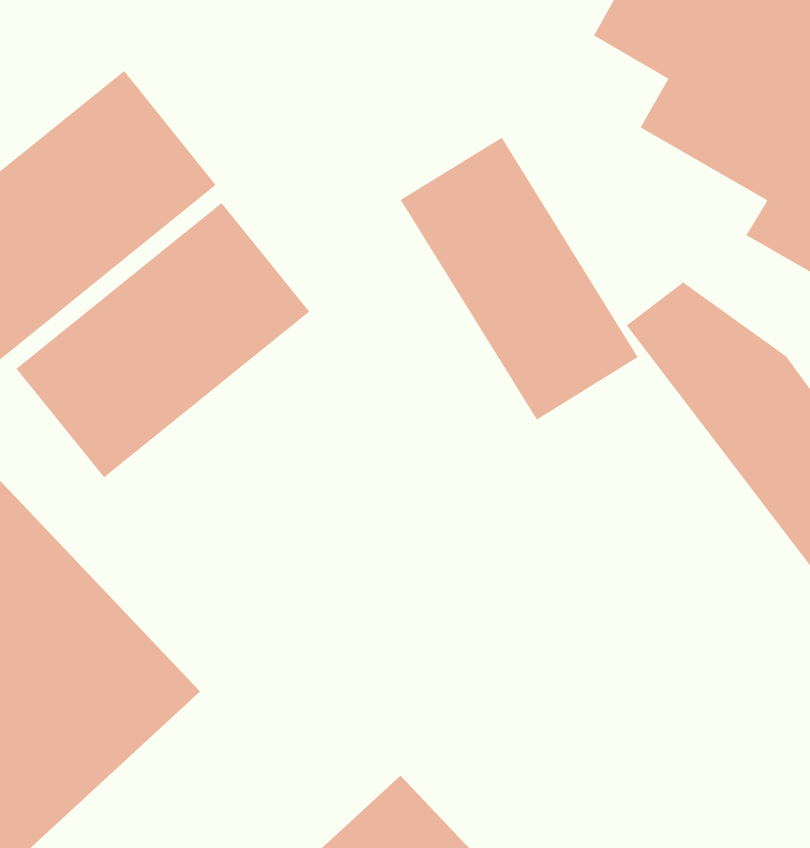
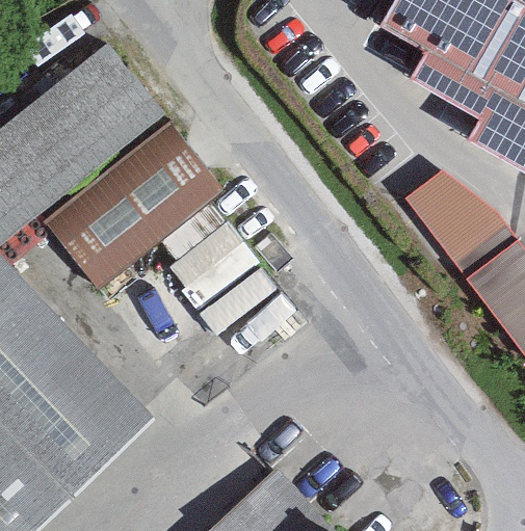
building: [400,137,639,421] -> none
building: none -> [170,209,281,322]

